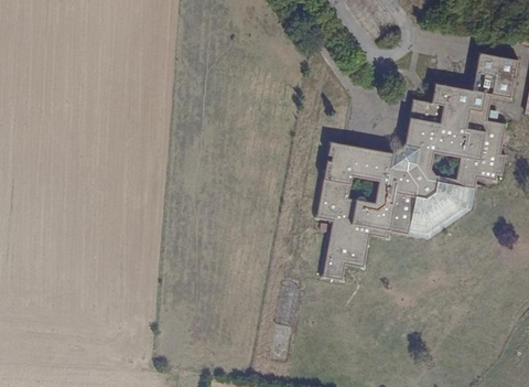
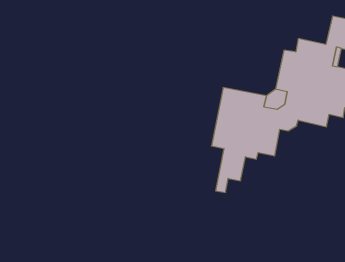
building: [406,186,474,237] -> none

